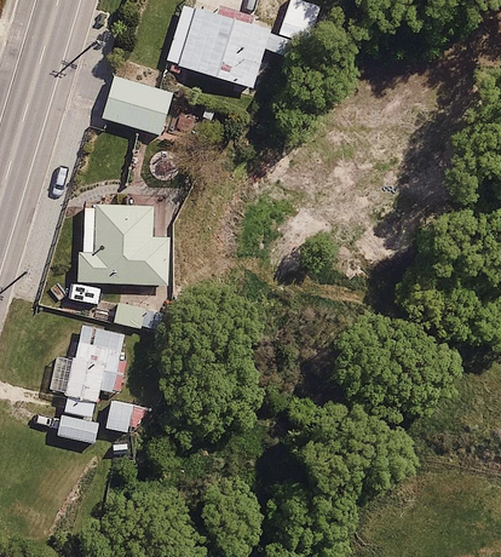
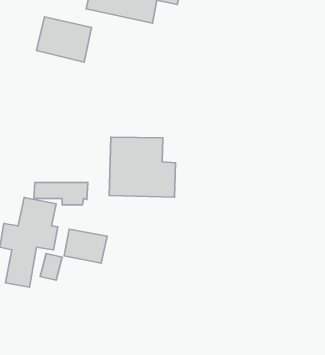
building: [80,203,171,286] -> [109,137,175,197]
building: none -> [64,229,107,263]

